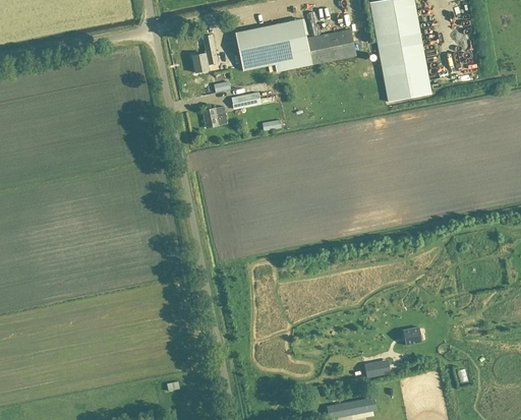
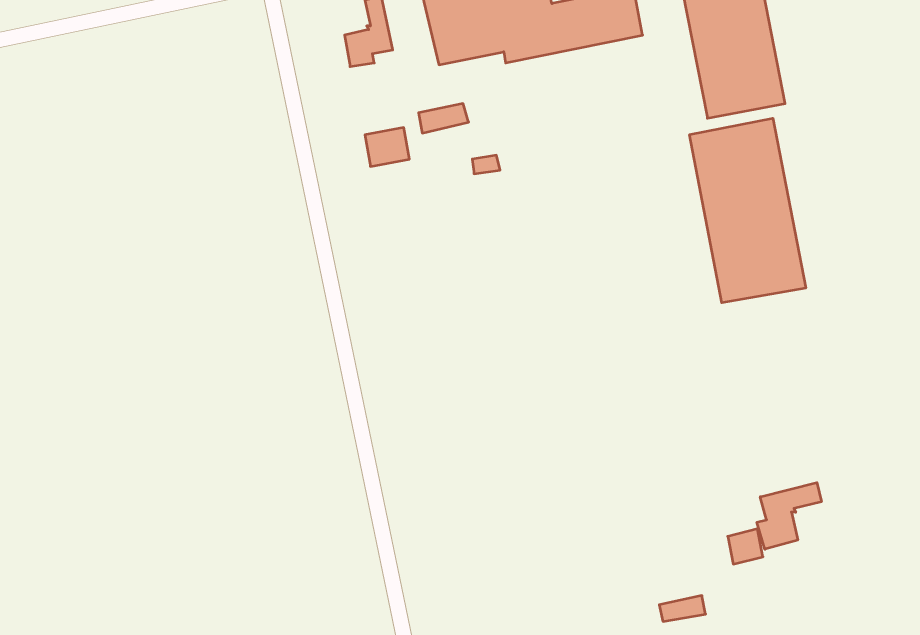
building: none -> [690,118,806,303]
building: none -> [757,483,821,549]

